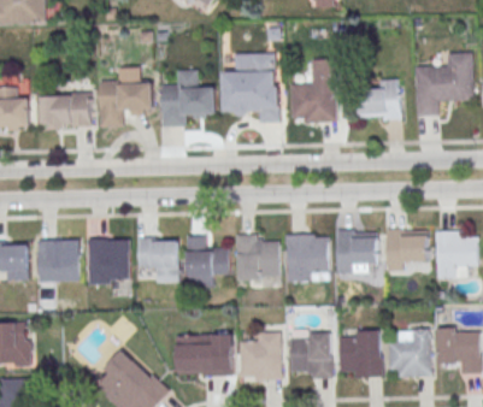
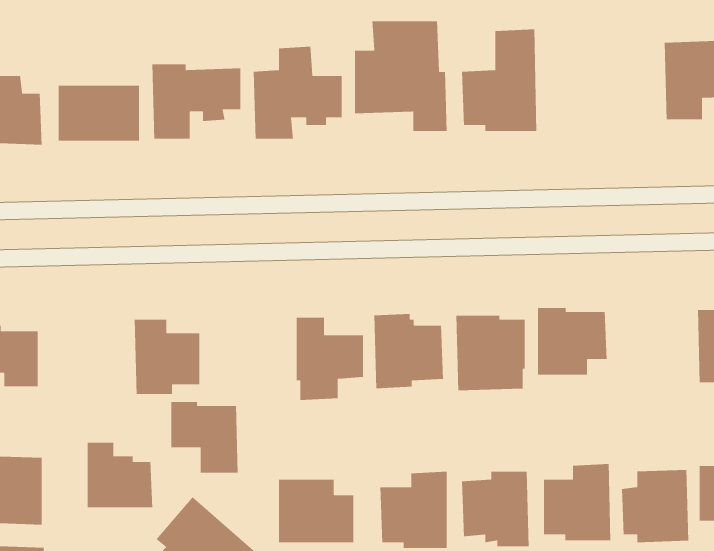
building: [359,79,401,120] -> none
building: [385,228,429,271] -> none
building: [137,237,179,282] -> [170,401,239,473]
building: [39,240,79,281] -> [87,442,153,508]

